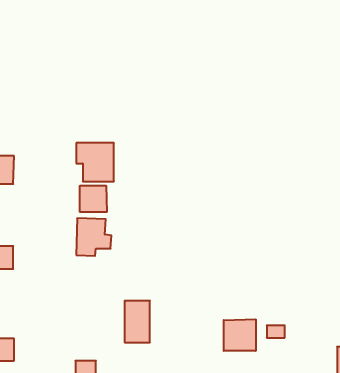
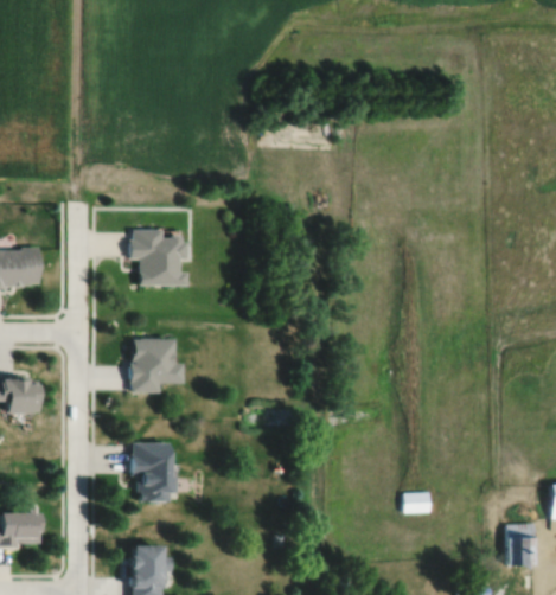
building: [80,186,107,212] -> none
building: [125,301,150,342] -> [134,442,171,503]
building: [224,319,256,351] -> none

